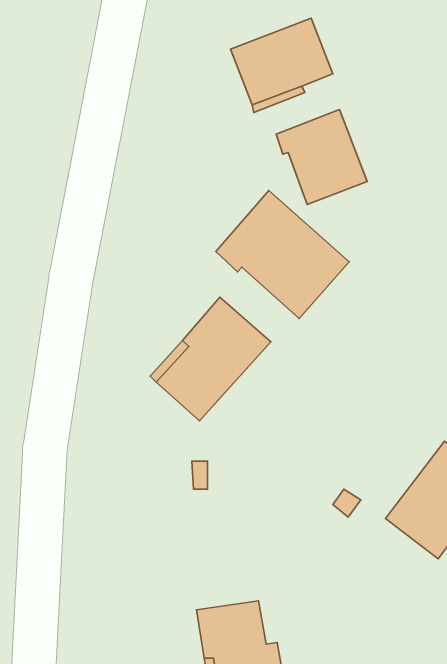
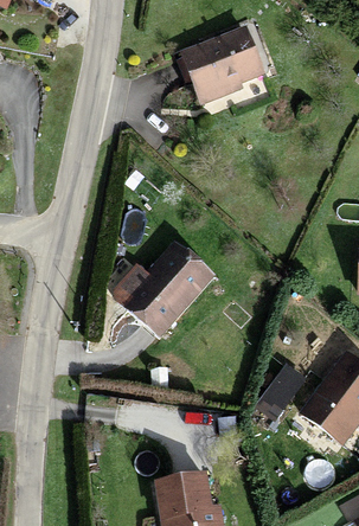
building: [276,109,367,204] -> none
building: [216,191,349,319] -> none

